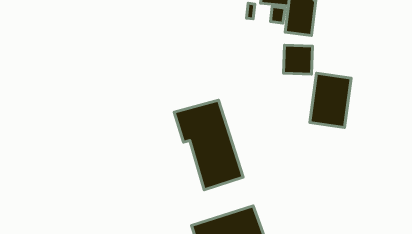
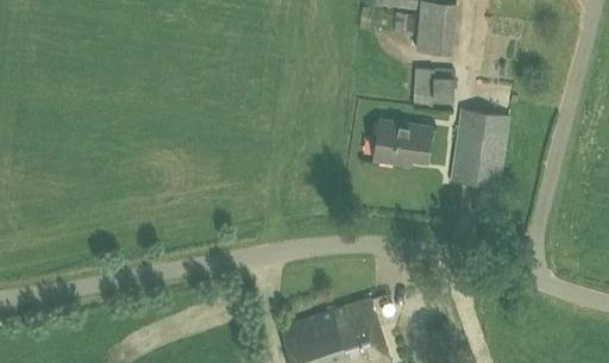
building: none -> [375,119,431,164]
building: [174,100,243,190] -> none

